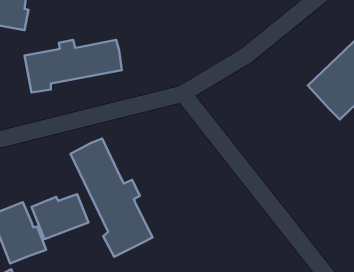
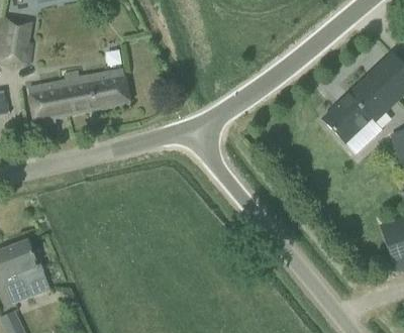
building: [71,138,152,257] -> none
building: [31,194,88,239] -> none

